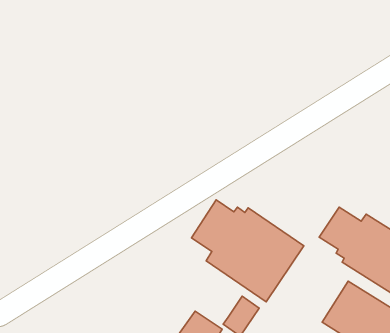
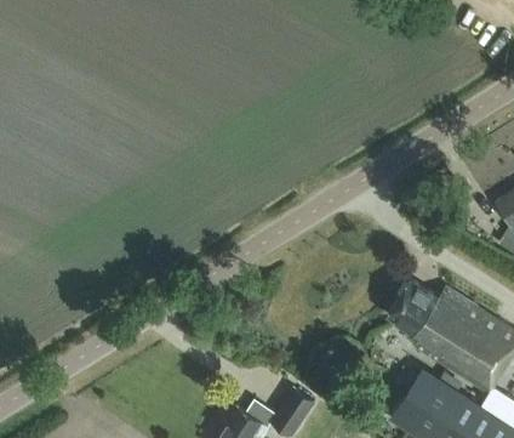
building: [191,200,304,302] -> none

